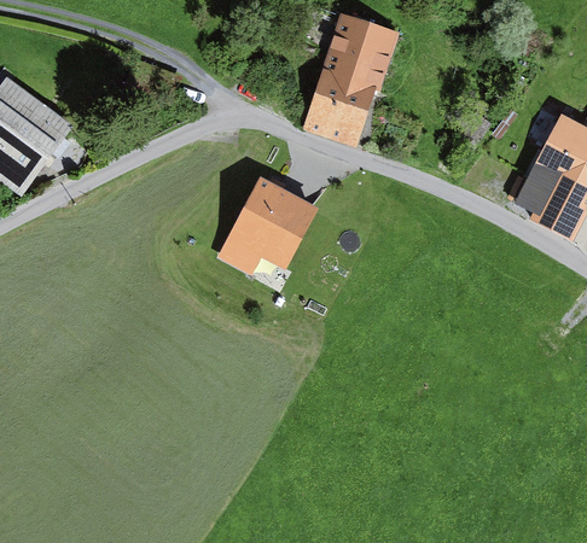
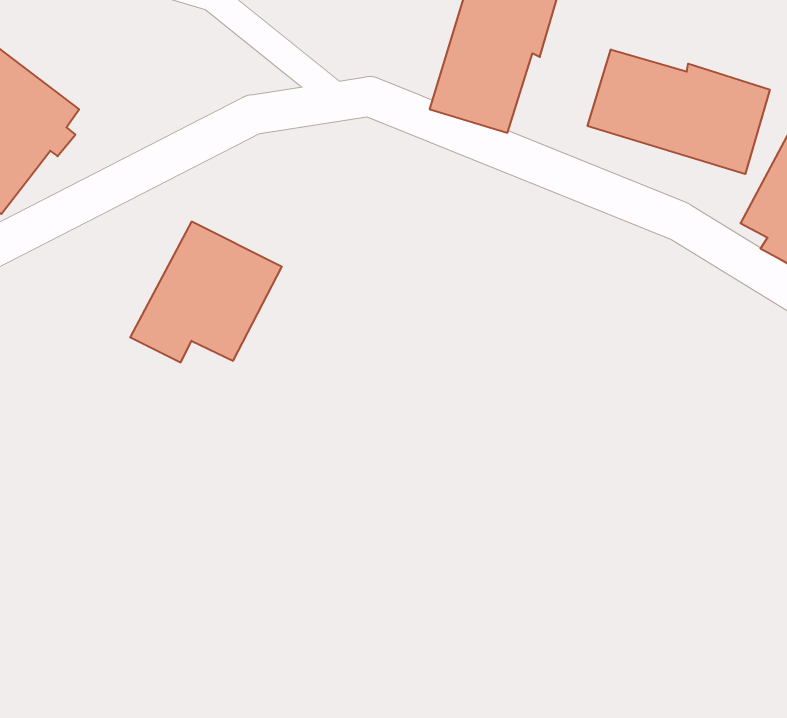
building: none -> [588,49,770,174]
building: [217,176,319,270] -> [130,222,282,362]

